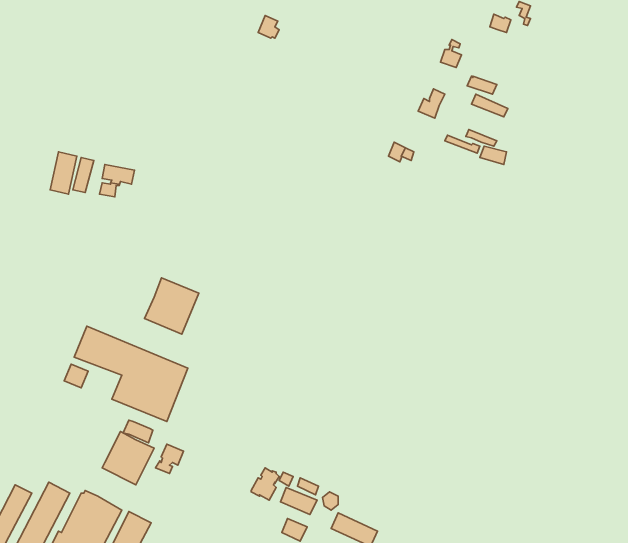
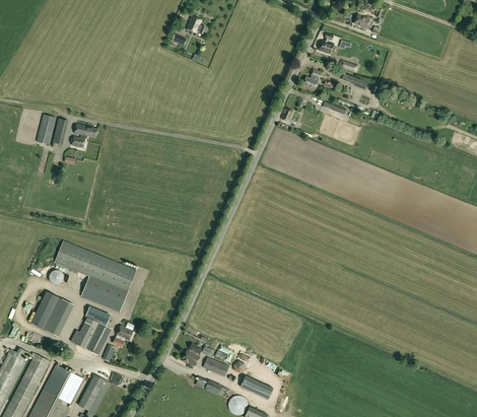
building: [145,278,199,334] -> none
building: none -> [30,291,73,337]

